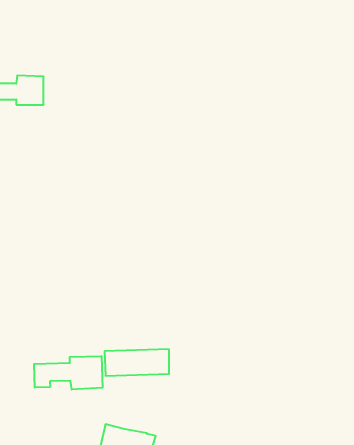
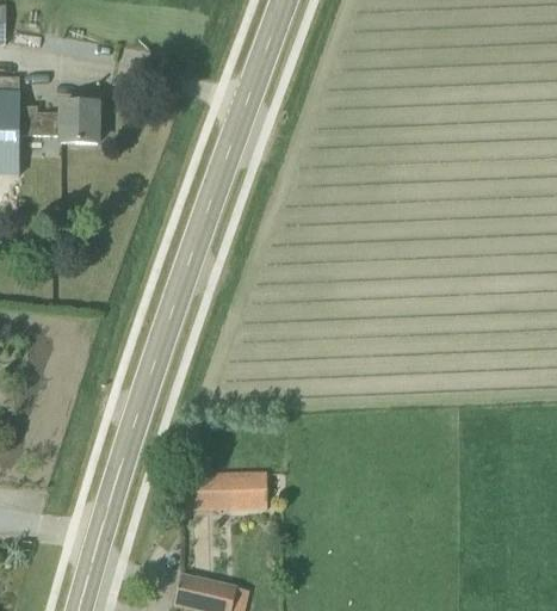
building: [34,356,102,390] -> none

